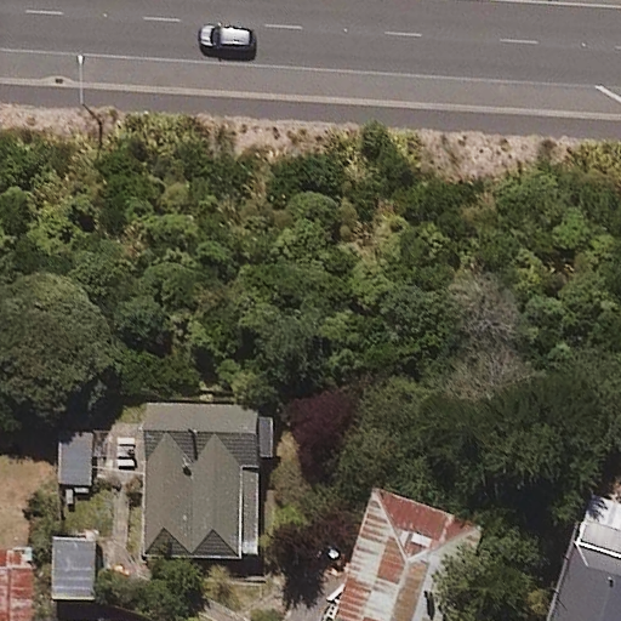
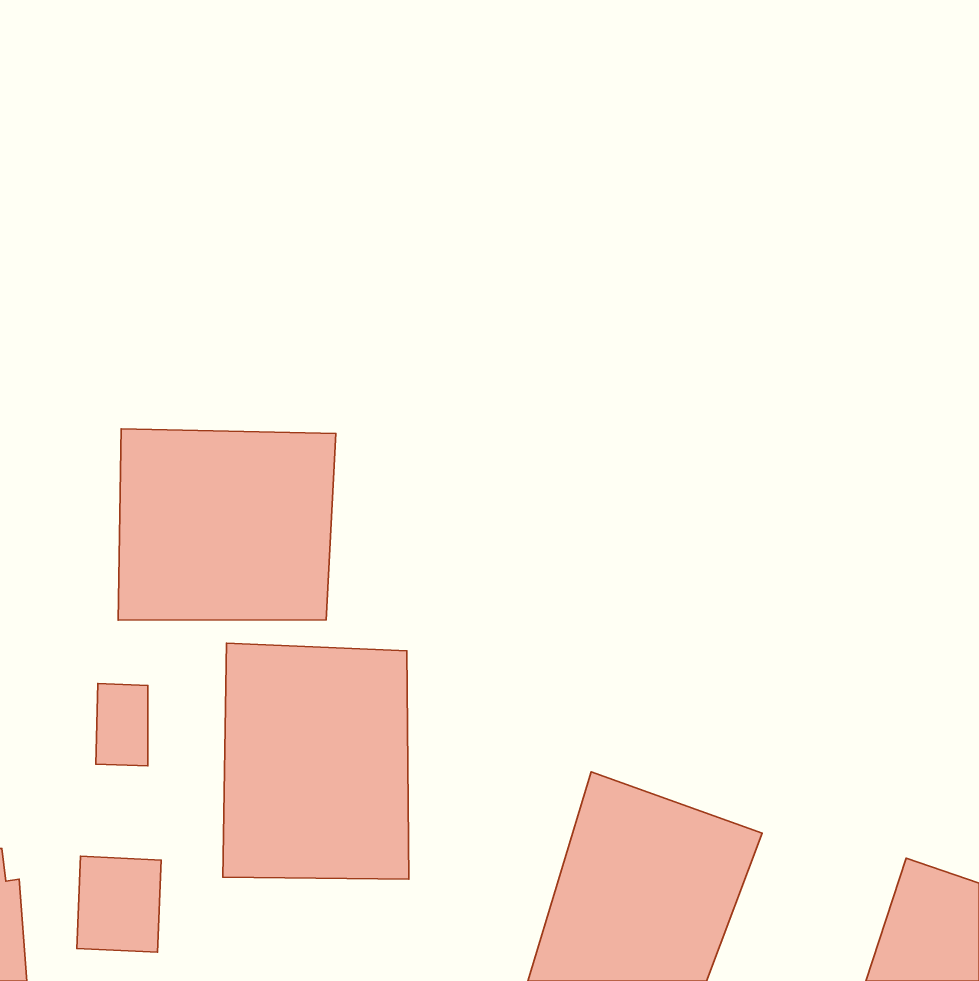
building: none -> [118,429,336,620]

